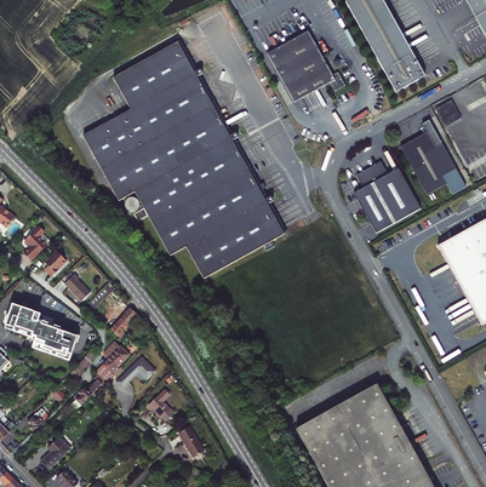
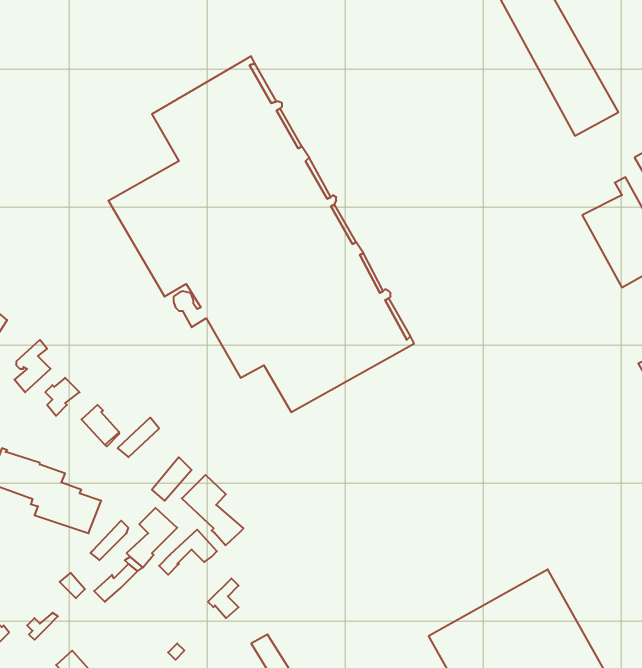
building: [267,30,345,102] -> none
building: [354,161,421,233] -> none
building: none -> [182,475,243,545]

